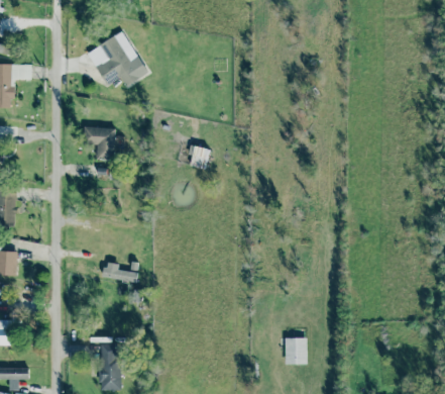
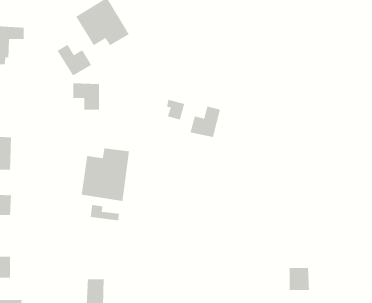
building: none -> [56,44,92,77]
building: none -> [190,105,221,138]
building: none -> [81,148,130,202]
building: [284,337,307,364] -> [289,267,310,291]

